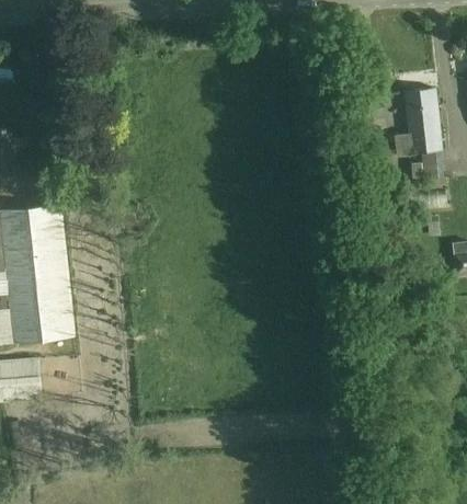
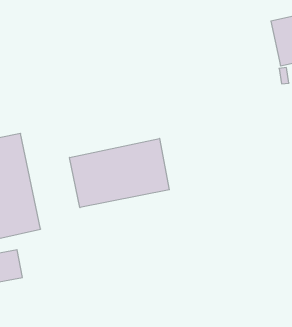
building: none -> [70,138,169,208]

